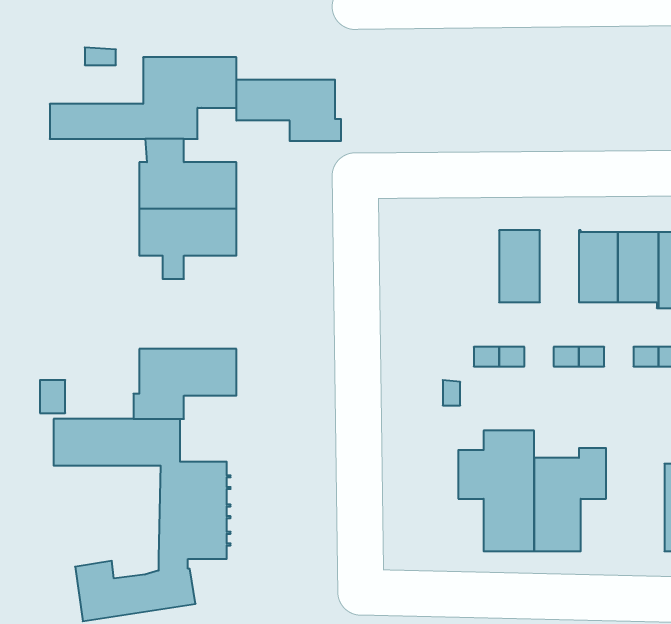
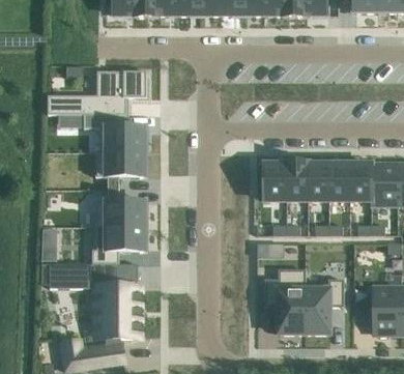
building: [236,80,341,141] -> none
building: none -> [264,163,286,201]
building: none -> [308,163,328,201]
building: none -> [94,189,146,226]

